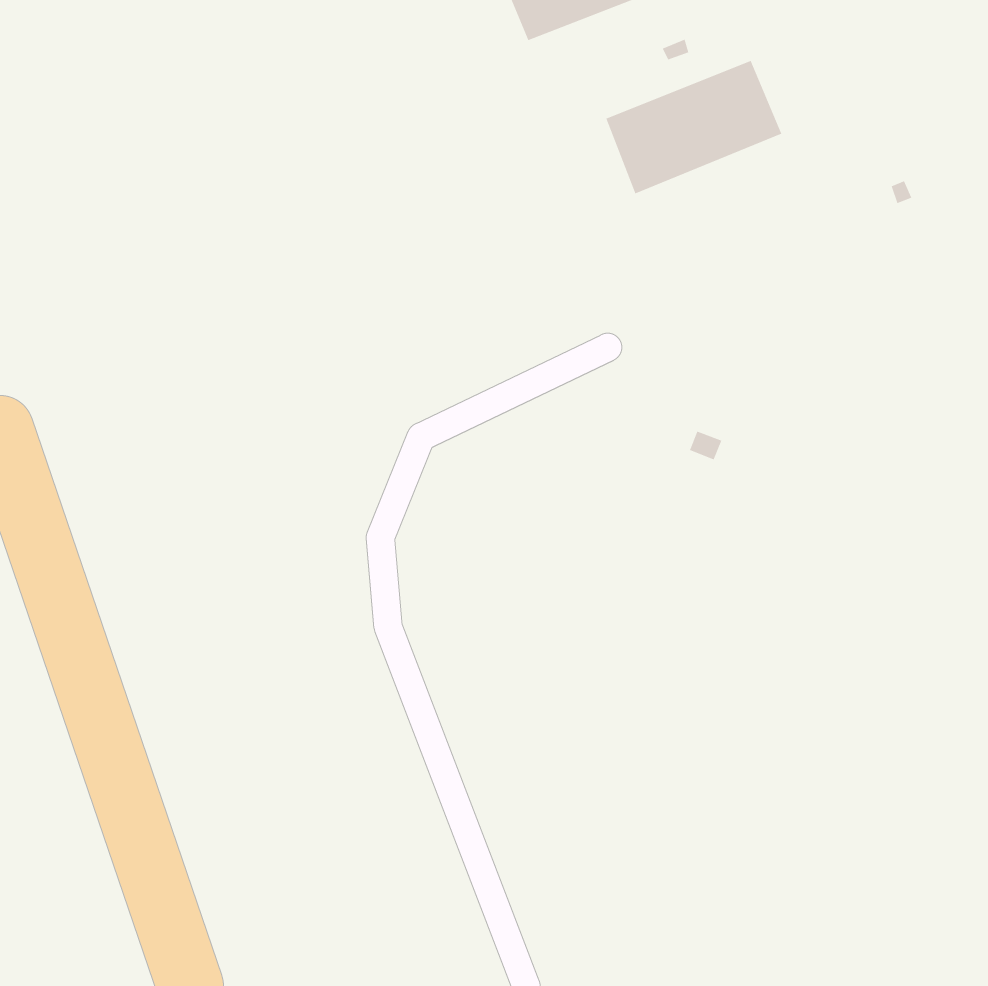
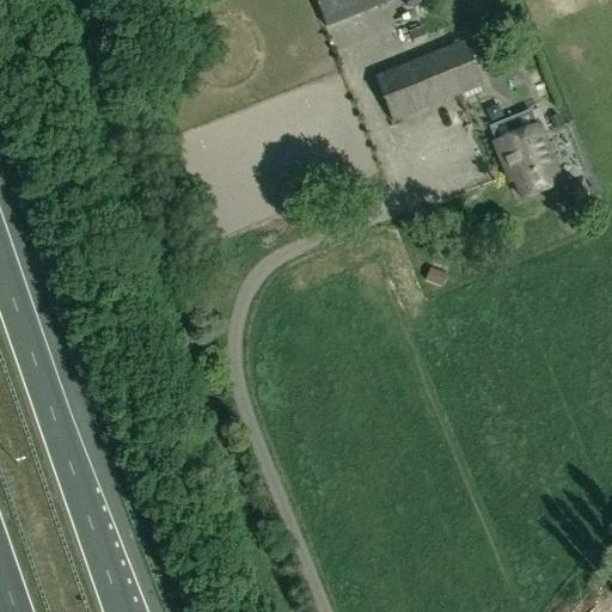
building: none -> [495,110,563,195]

